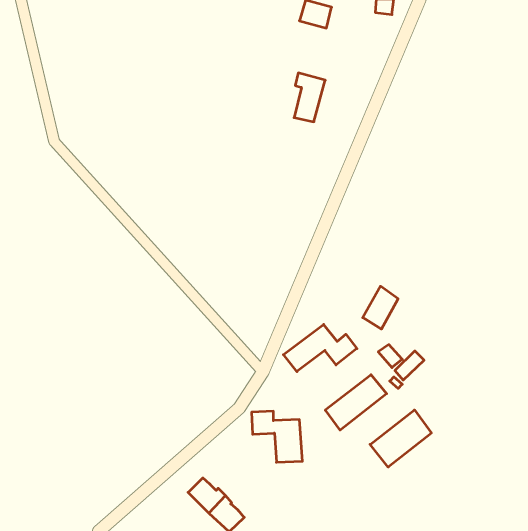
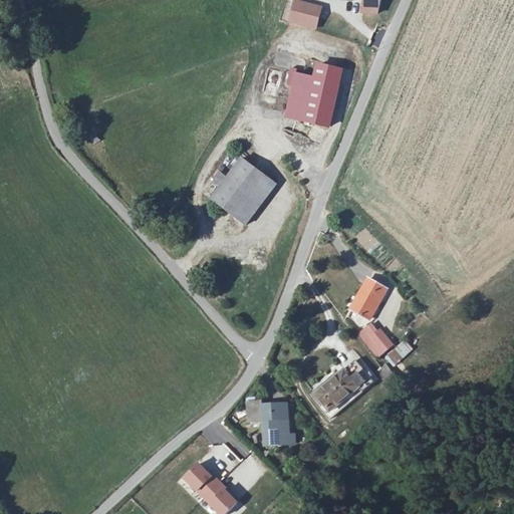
building: none -> [303,65,345,126]
building: none -> [210,157,276,225]
building: [283,324,357,372] -> none
building: [370,410,431,467] -> none

